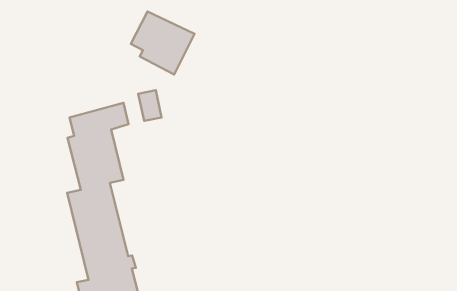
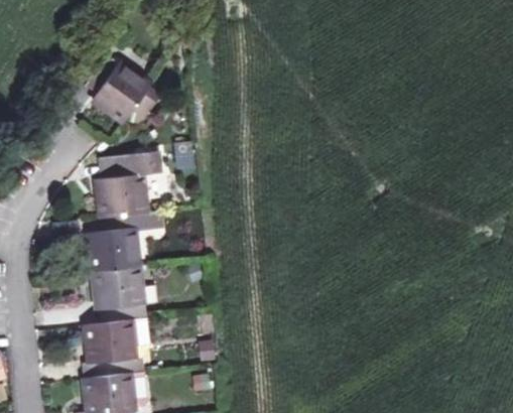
building: [131,11,194,75] -> [86,56,151,124]

